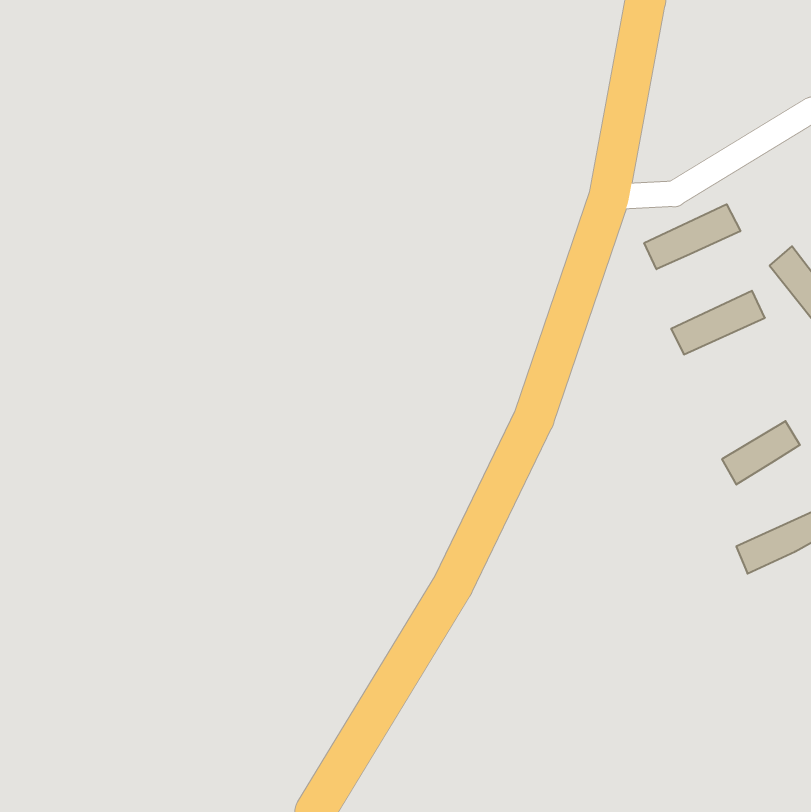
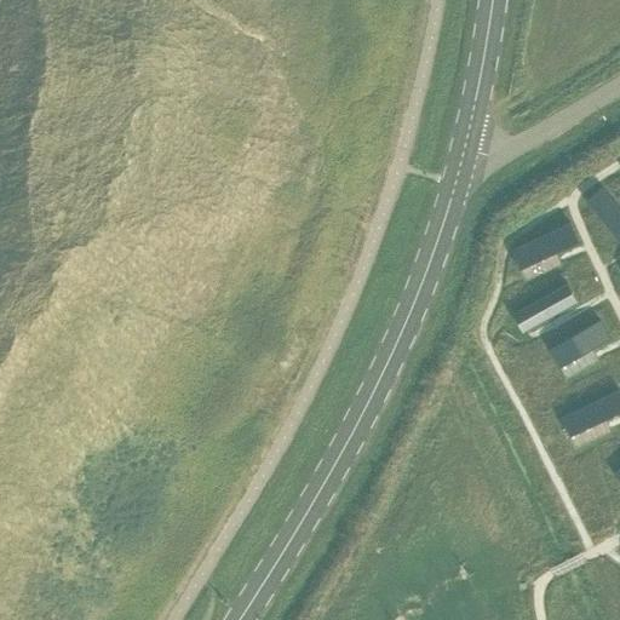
building: [644,204,740,269] -> none
building: none -> [522,283,579,329]

